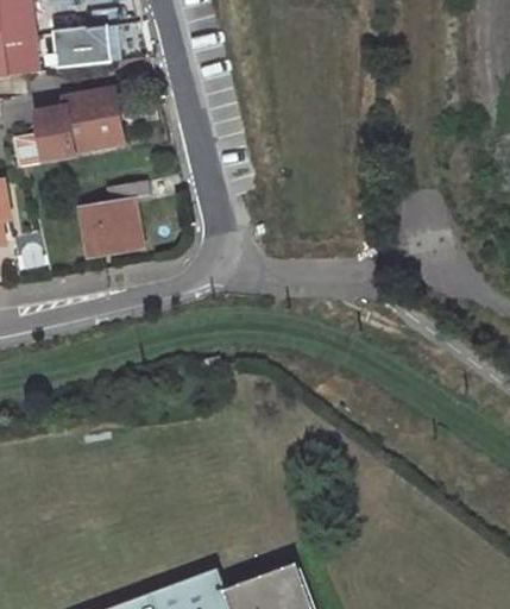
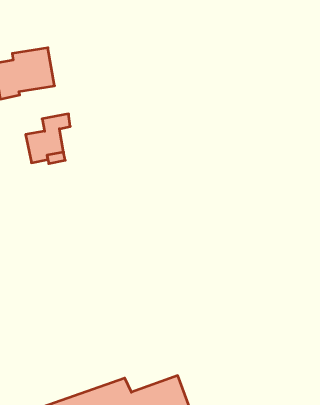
building: [53,33,108,73] -> none

